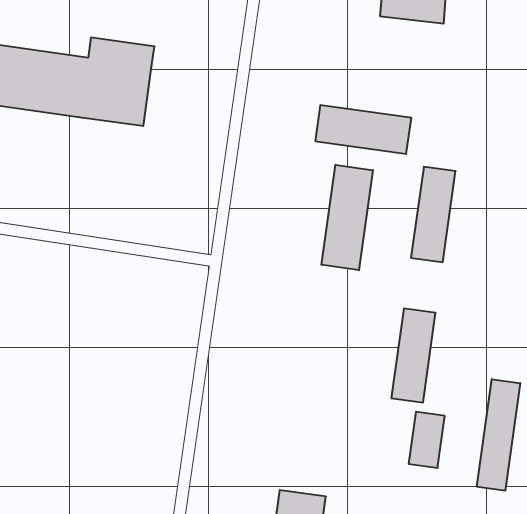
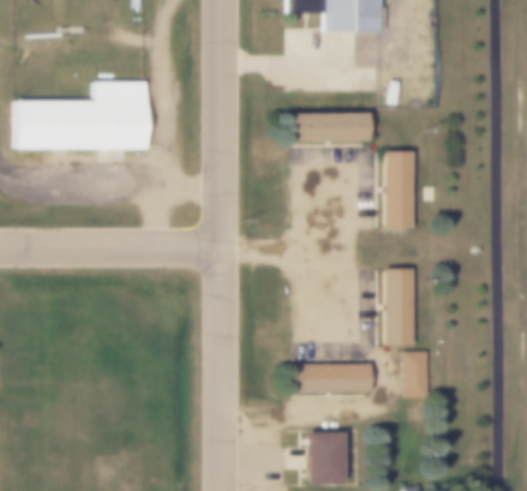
building: [322,165,373,270] -> none
building: [477,379,520,491] -> none
building: none -> [293,364,370,391]

